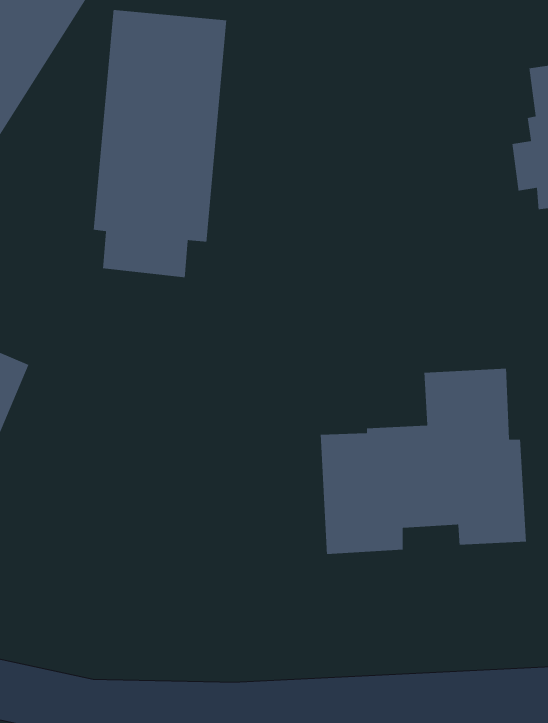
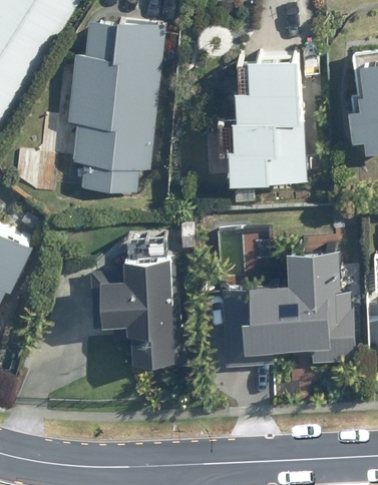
building: none -> [227,50,299,176]
building: none -> [88,255,190,371]

